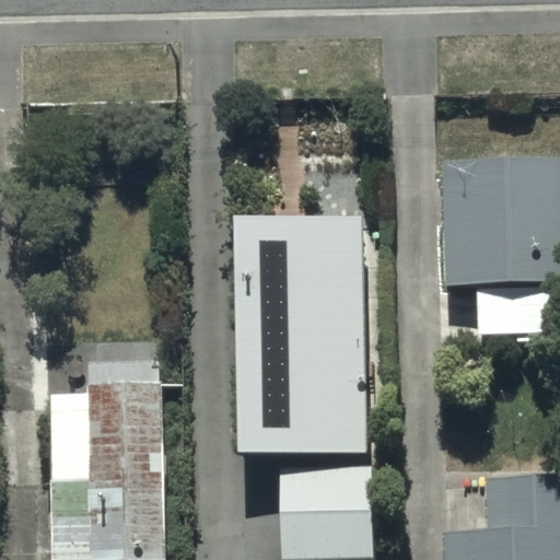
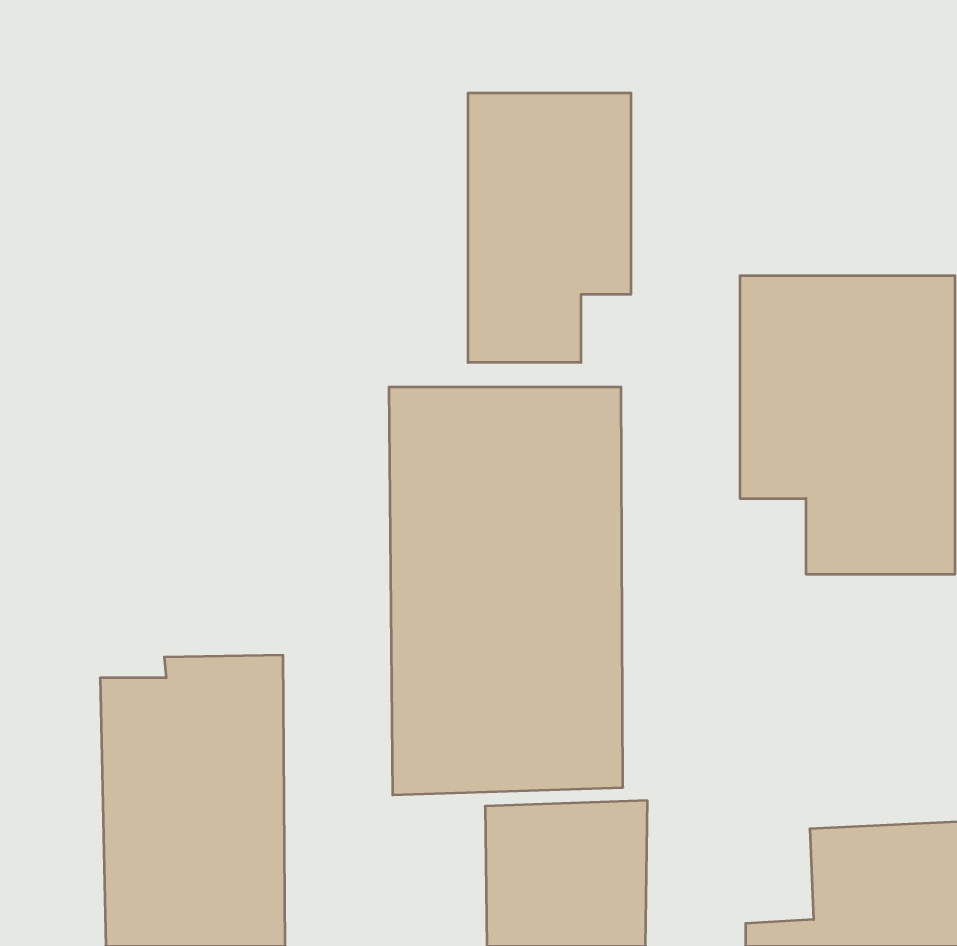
building: none -> [468,93,631,363]

